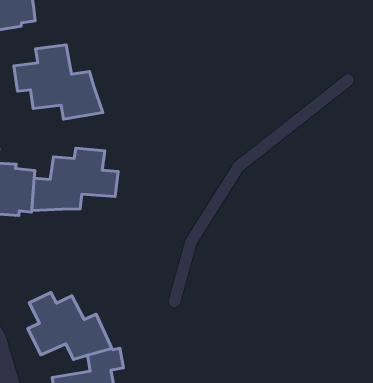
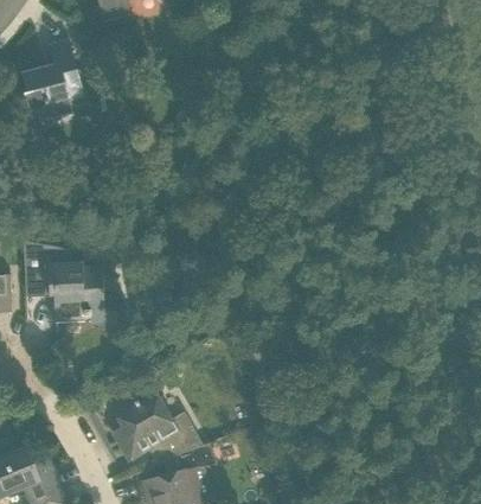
building: [14,45,103,119] -> none
building: [32,148,118,210] -> none

